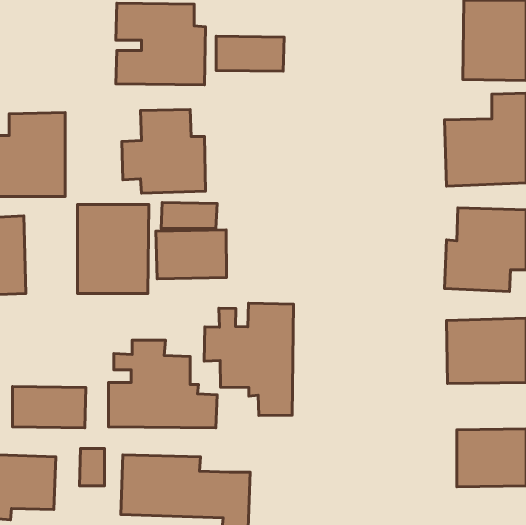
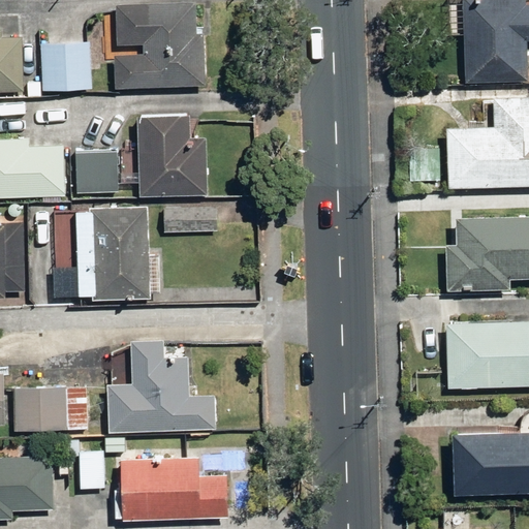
building: [216,36,284,71] -> none
building: none -> [41,42,90,89]
building: none -> [76,152,119,194]
building: [156,230,227,279] -> none
building: [204,303,293,416] -> none

